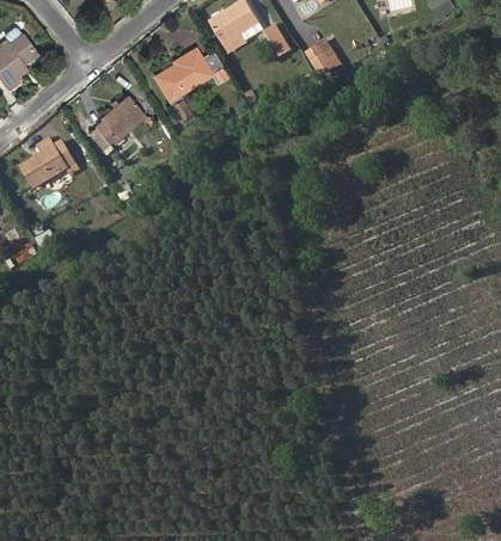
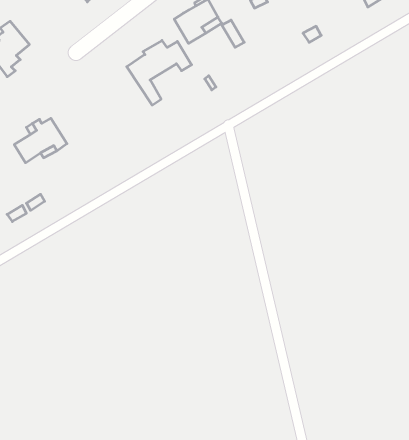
building: [305,37,343,76] -> none
building: [92,96,143,147] -> none

